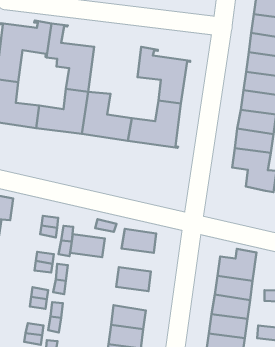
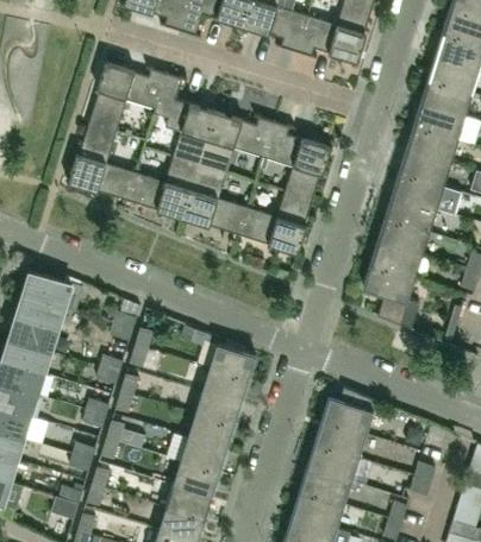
building: none -> [199,111,274,172]
building: [70,234,105,257] -> [201,367,248,402]
building: none -> [187,414,233,449]

